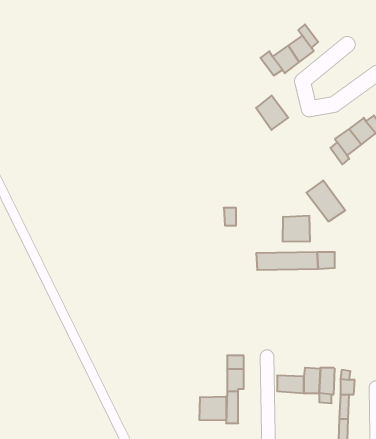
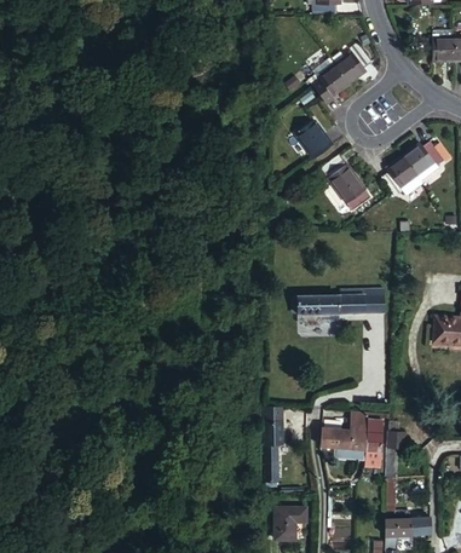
building: [306,180,345,221] -> [322,159,364,203]
building: [283,216,310,242] -> none
building: [199,396,226,420] -> none

